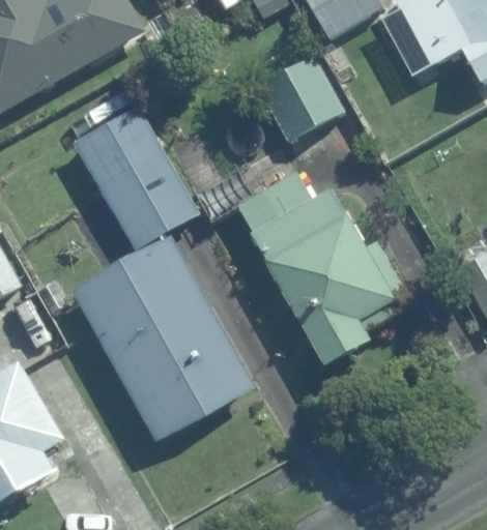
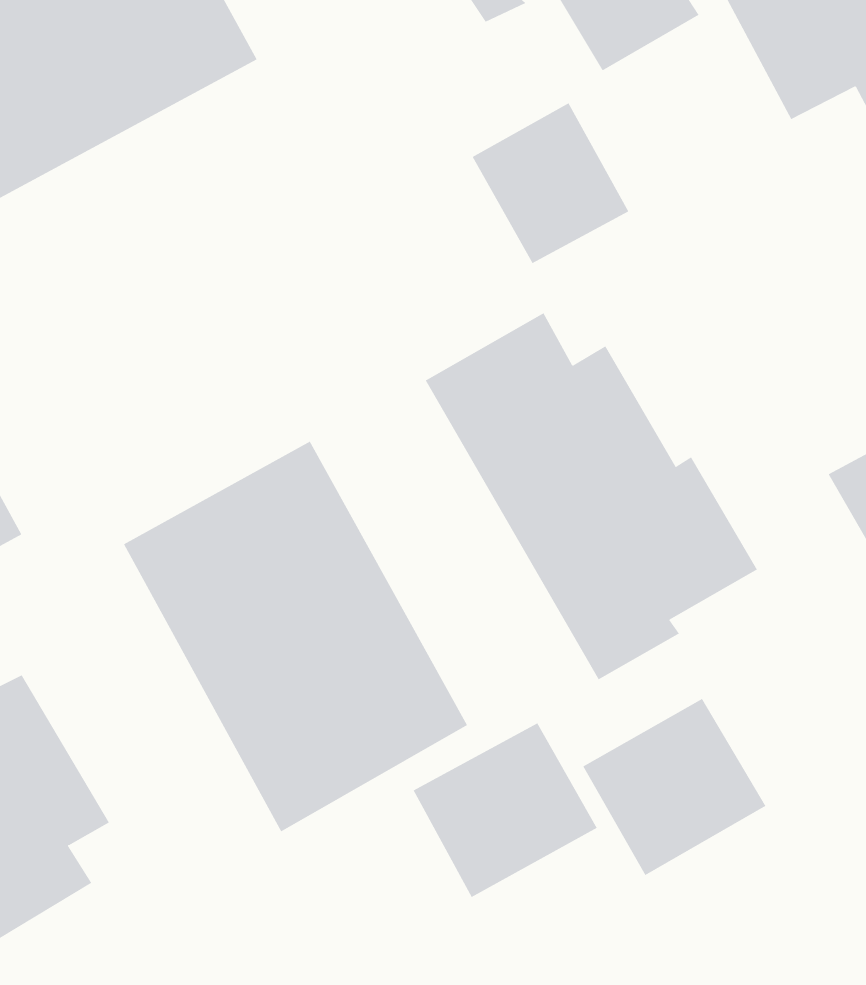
building: [67,91,197,252] -> none
building: none -> [582,698,766,876]
building: none -> [413,723,597,898]

